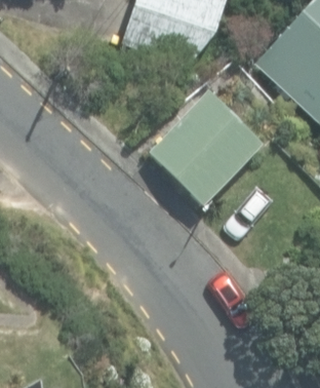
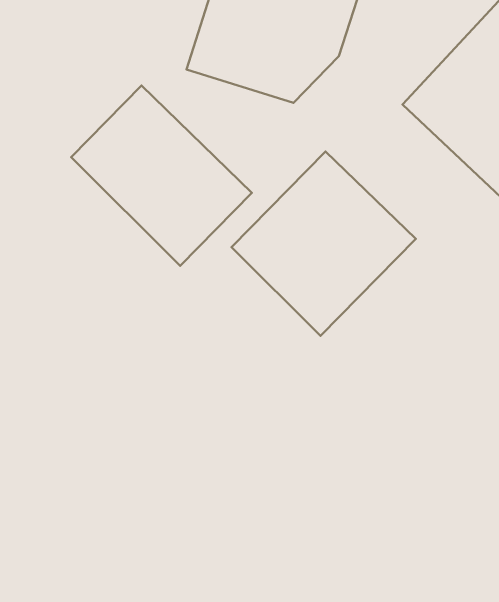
building: none -> [71,85,252,266]

